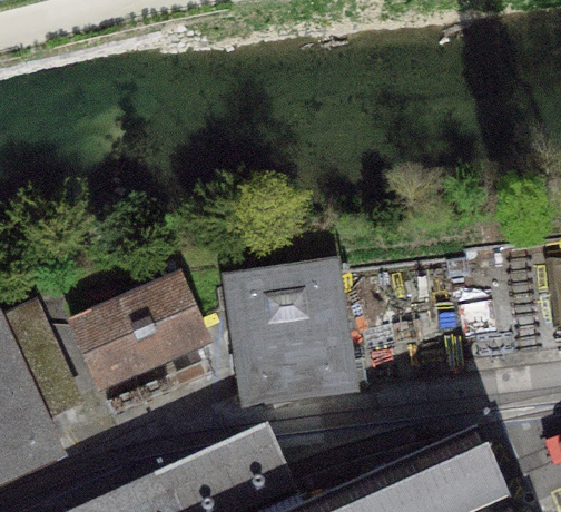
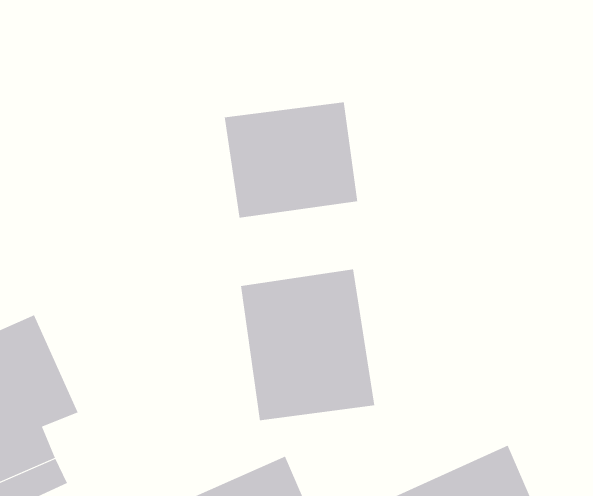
building: none -> [224,102,358,219]
building: [70,278,205,385] -> none

